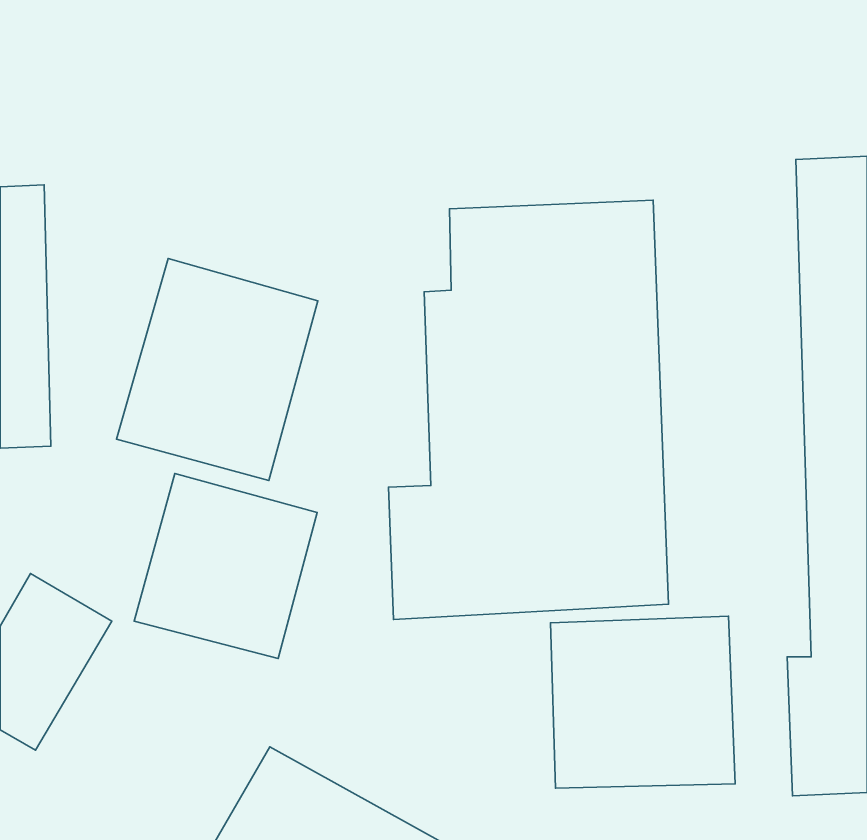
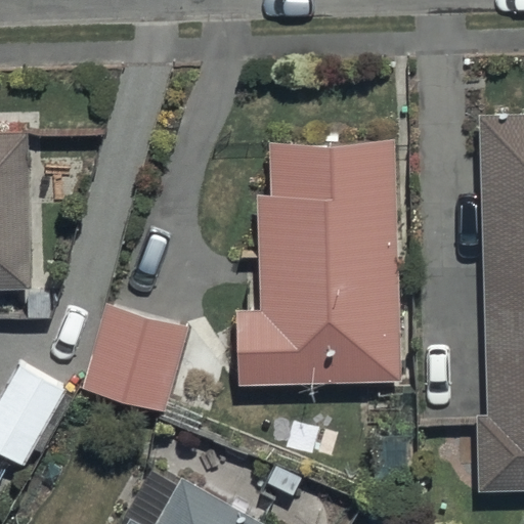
building: [117,258,318,480] -> none
building: [550,616,735,788] -> none

